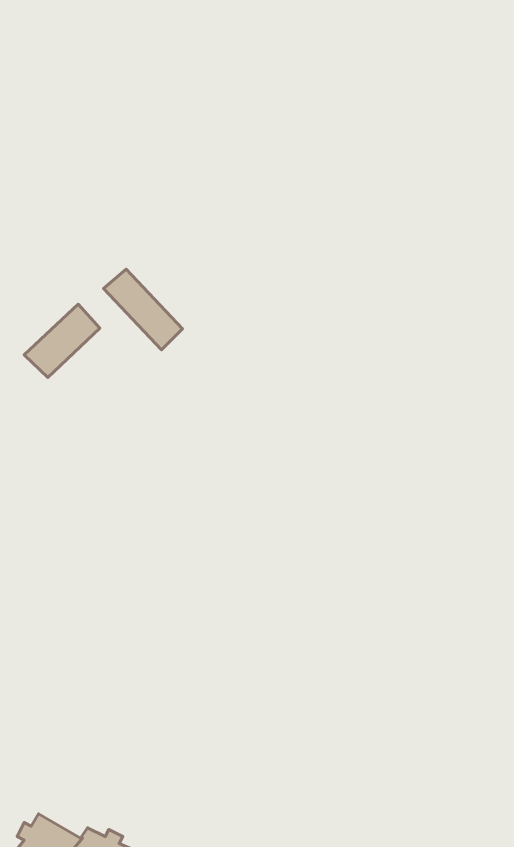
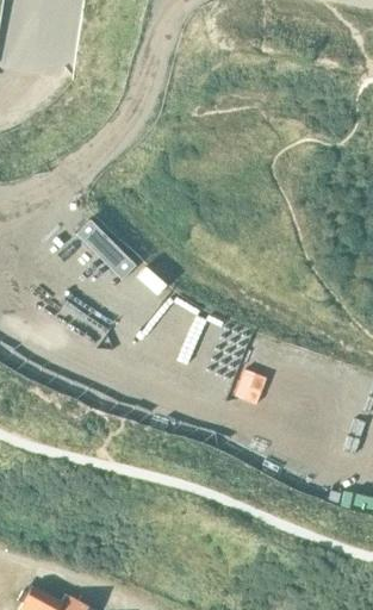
building: [24,304,100,378] -> none

